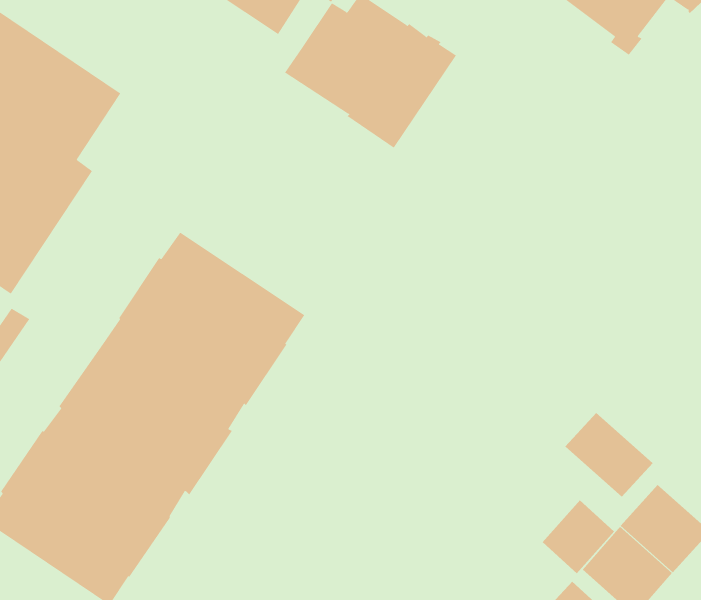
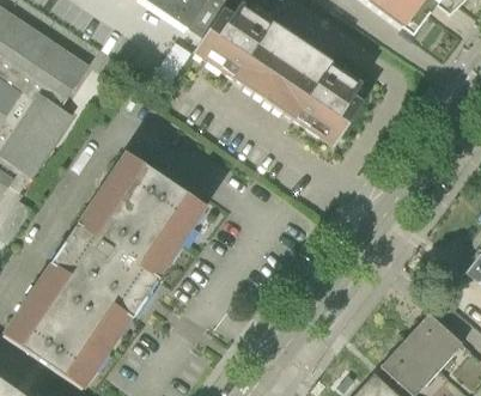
building: none -> [261,42,361,147]
building: [565,412,653,497] -> none
building: [542,499,615,574] -> none

